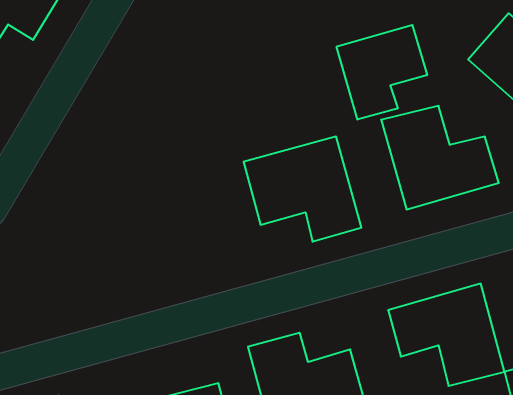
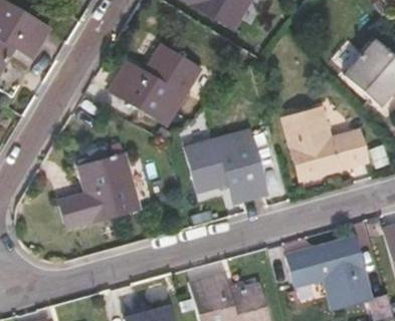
building: none -> [108,44,201,125]
building: [337,25,427,120] -> none
building: none -> [59,154,138,228]

